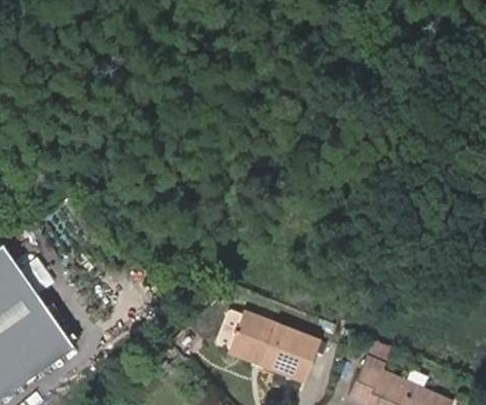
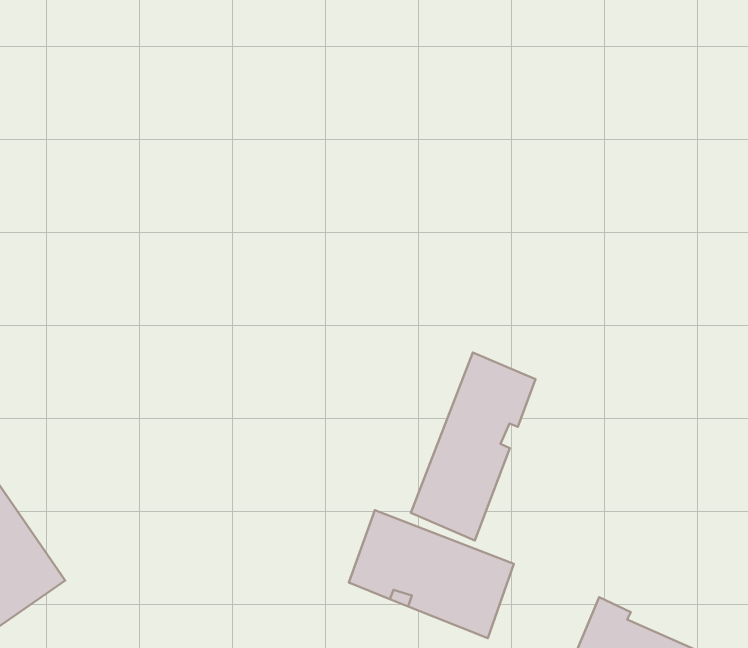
building: none -> [411,353,536,541]

